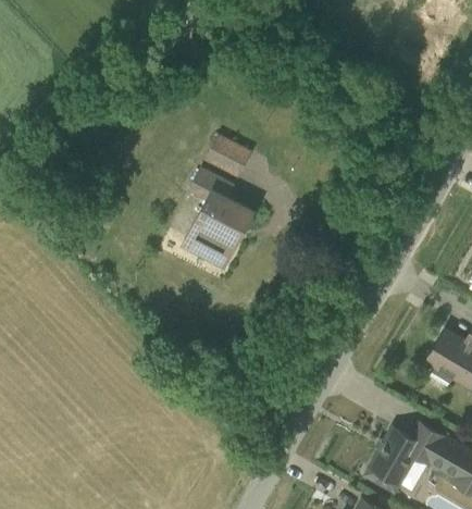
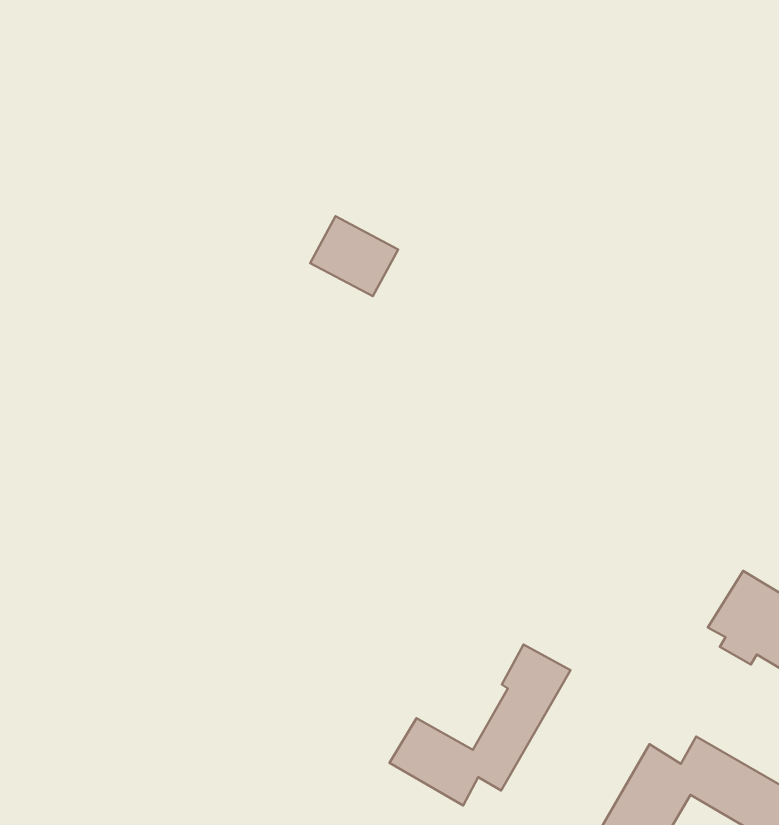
building: [185,167,254,265] -> none
building: none -> [390,644,571,805]

